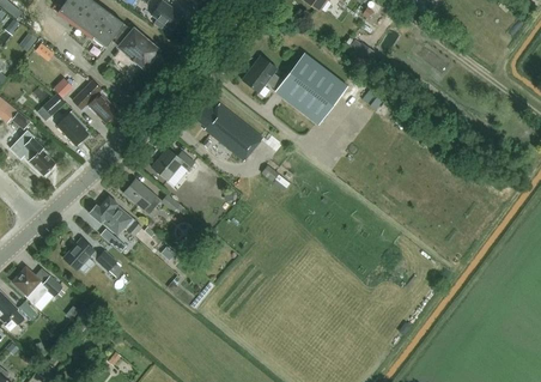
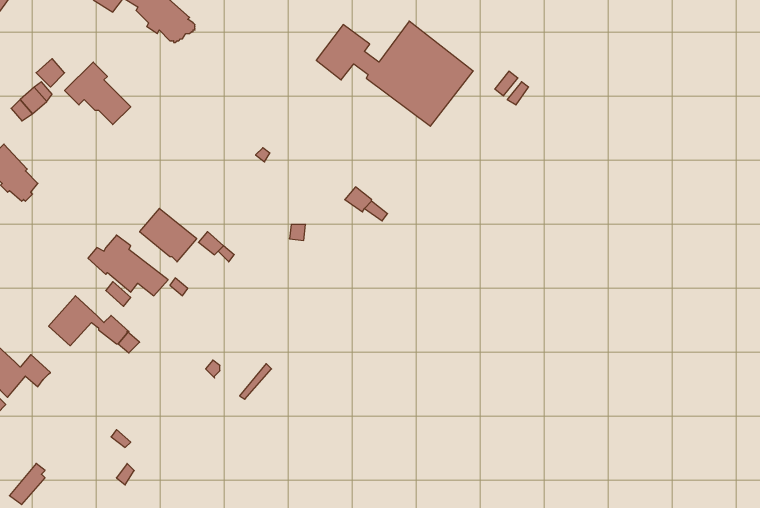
building: [193,103,265,162] -> none
building: [57,111,90,145] -> none
building: [152,147,196,181] -> none

